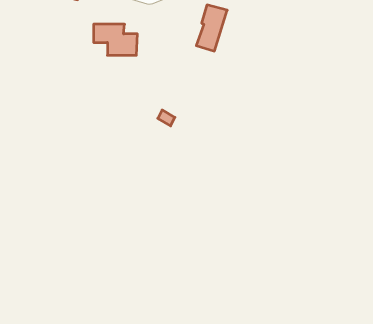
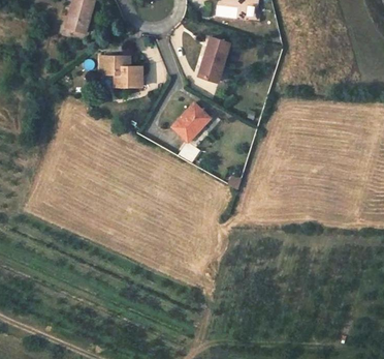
building: none -> [172,102,210,142]

